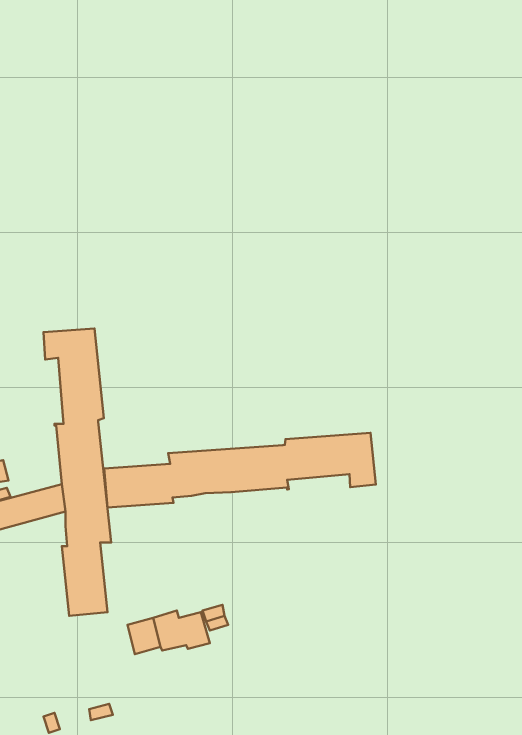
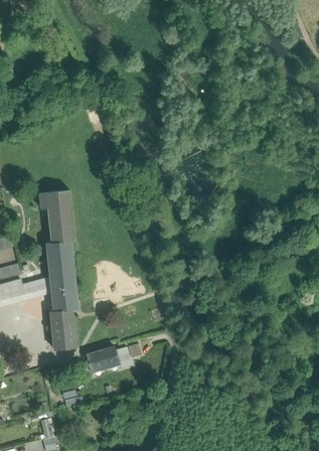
building: [104,433,376,507] -> none

